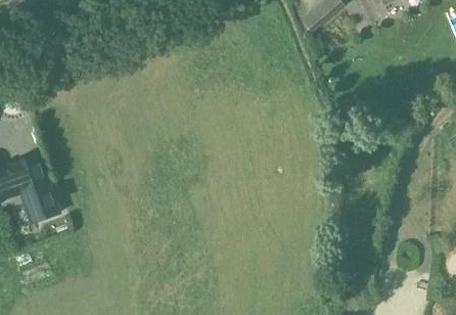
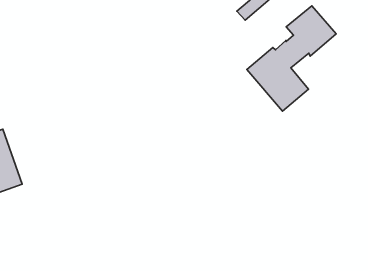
building: none -> [247,6,336,111]

